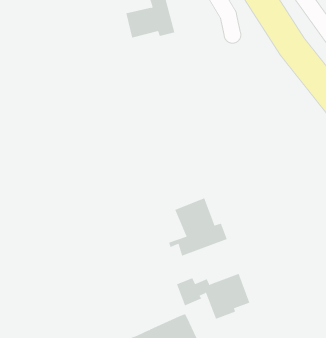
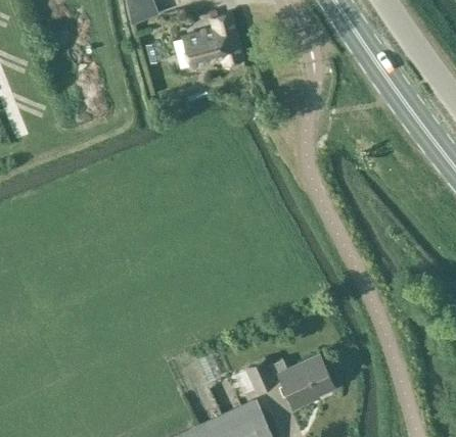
building: [168,197,227,256] -> none

